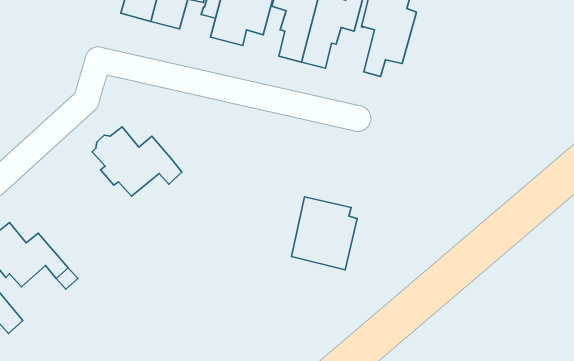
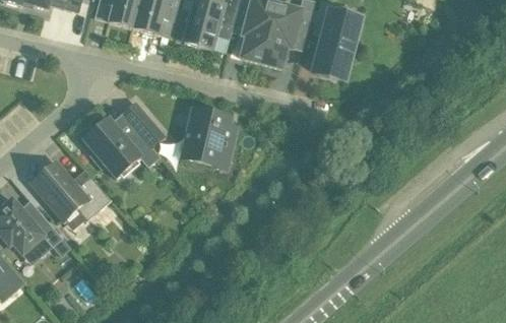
building: none -> [123,102,164,146]
building: none -> [31,162,111,231]
building: [291,197,357,270] -> [181,108,237,170]

